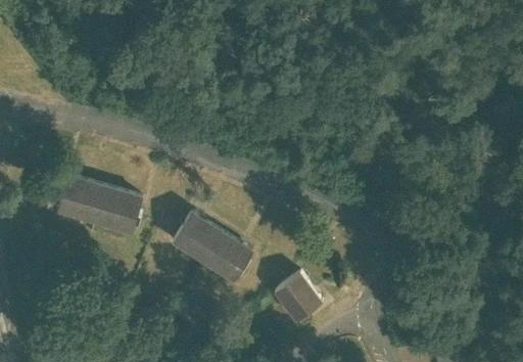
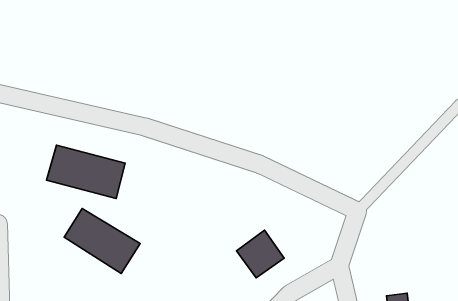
building: [169,210,254,283] -> [64,208,140,273]

